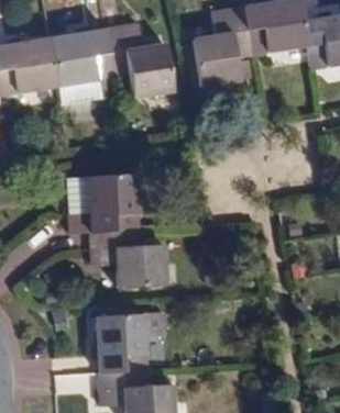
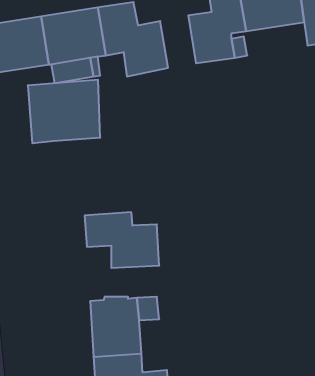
building: [66,174,138,236] -> [28,80,100,143]

